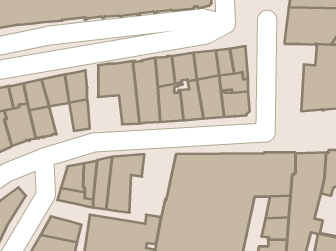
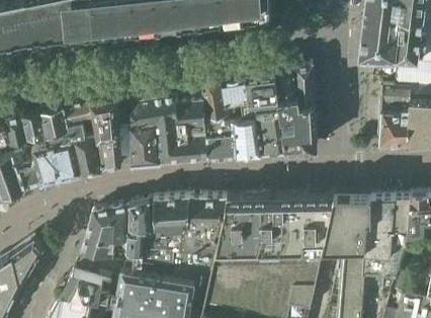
building: none -> [130,128,159,166]
building: none -> [70,137,100,175]
building: none -> [168,200,225,276]

